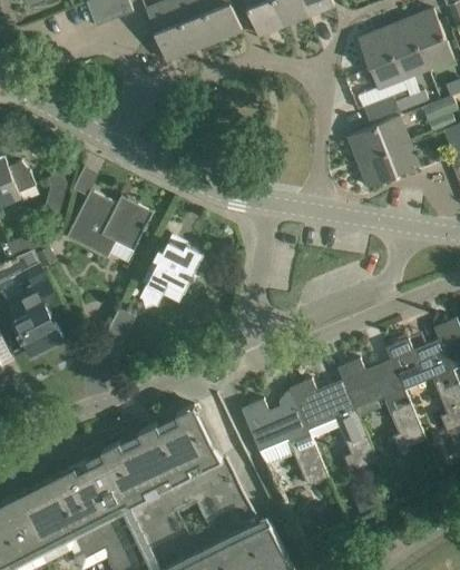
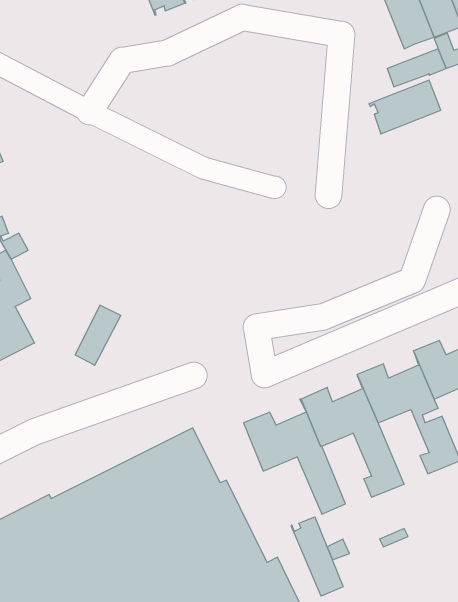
building: [358,141,419,187] -> none
building: [42,171,67,215] -> none
building: [66,189,153,257] -> none
building: [139,240,207,307] -> none
building: none -> [291,517,343,596]

